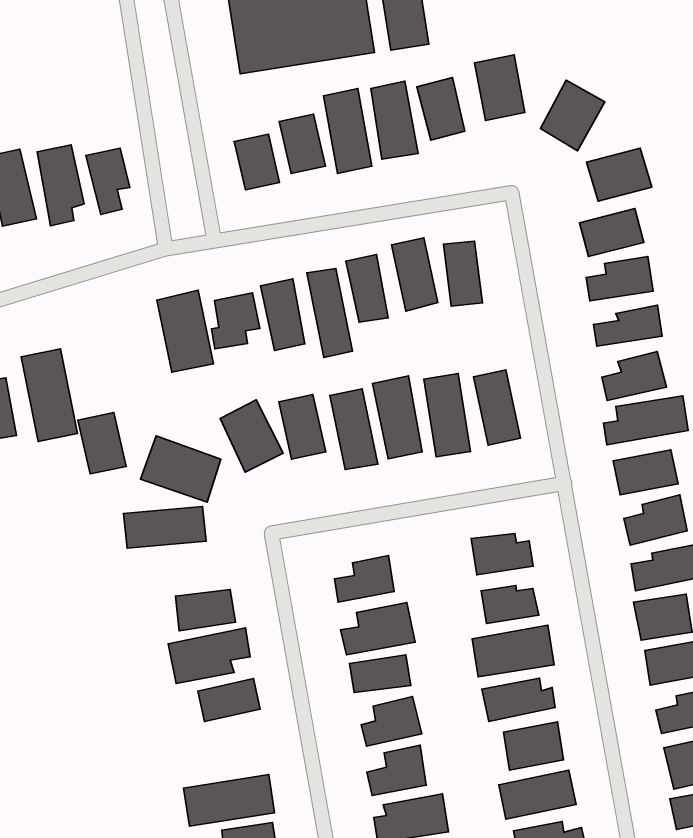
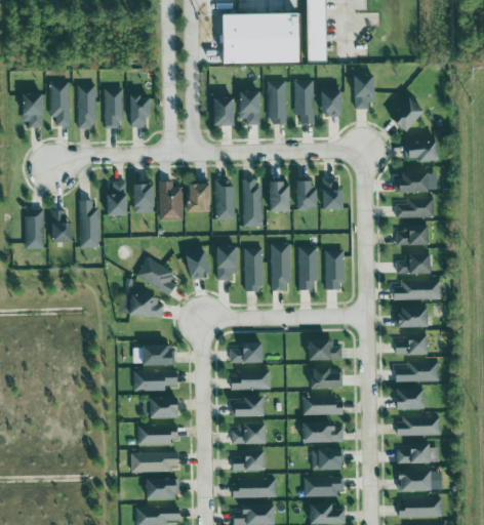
building: none -> [134,185,154,211]
building: [78,413,126,474] -> [106,184,128,215]
building: none -> [138,427,178,444]

